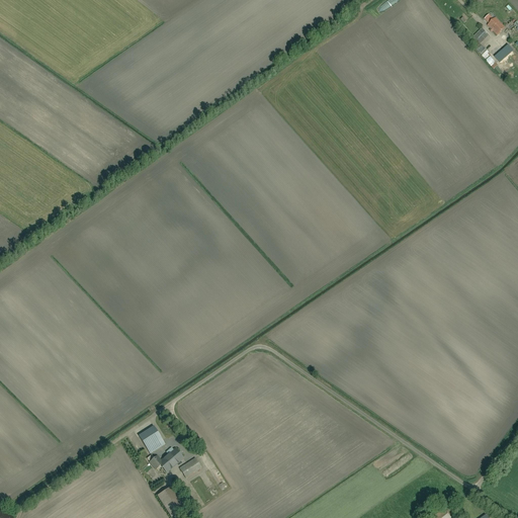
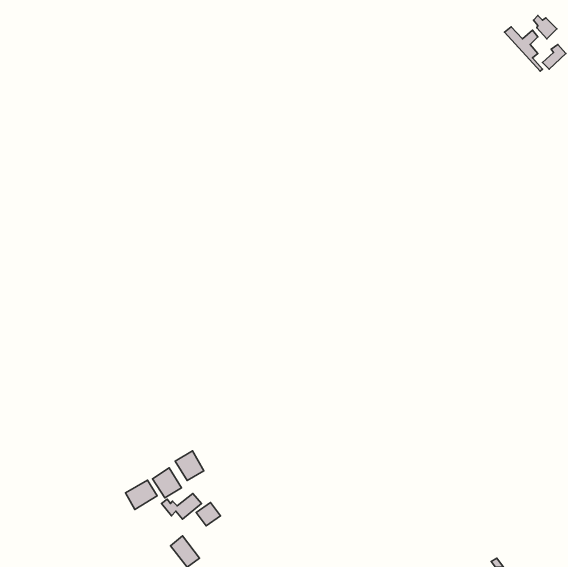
building: none -> [175,451,204,481]
building: none -> [126,480,157,510]

